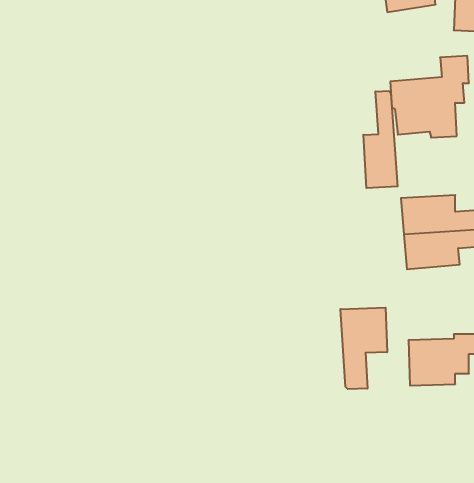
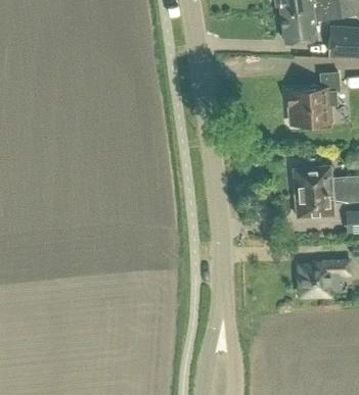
building: [363,91,398,188] -> none
building: [340,308,387,389] -> none

